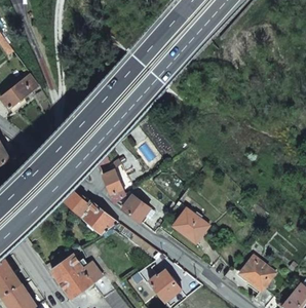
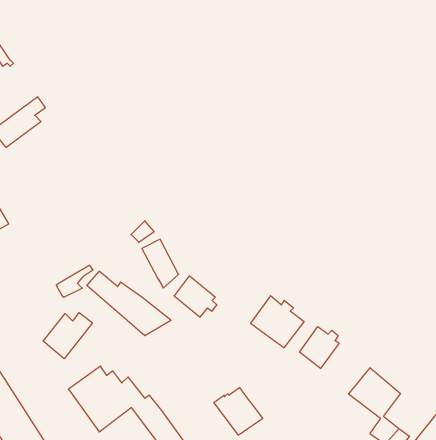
building: none -> [43,313,92,359]
building: none -> [299,327,339,368]

